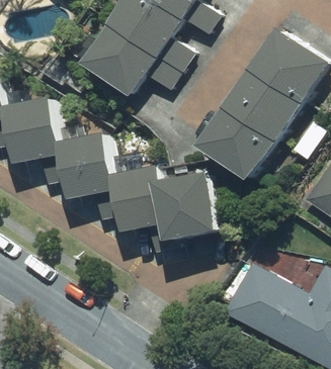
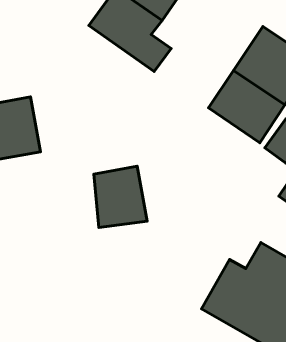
building: [70,26,175,94] -> none
building: [206,109,281,180] -> none
building: [60,134,115,199] -> none
building: [163,179,222,243] -> none

